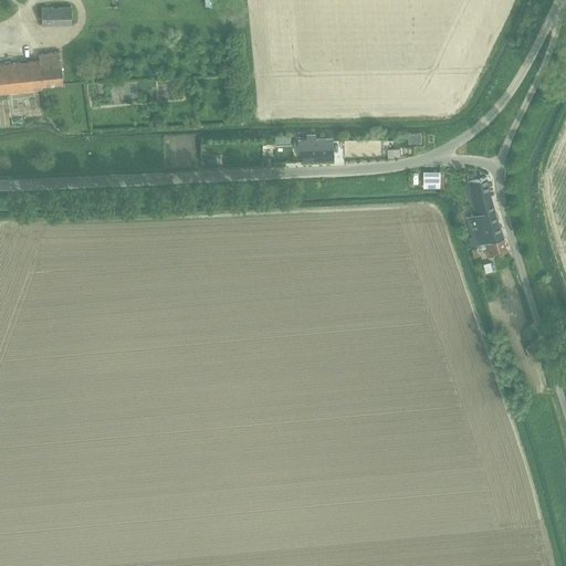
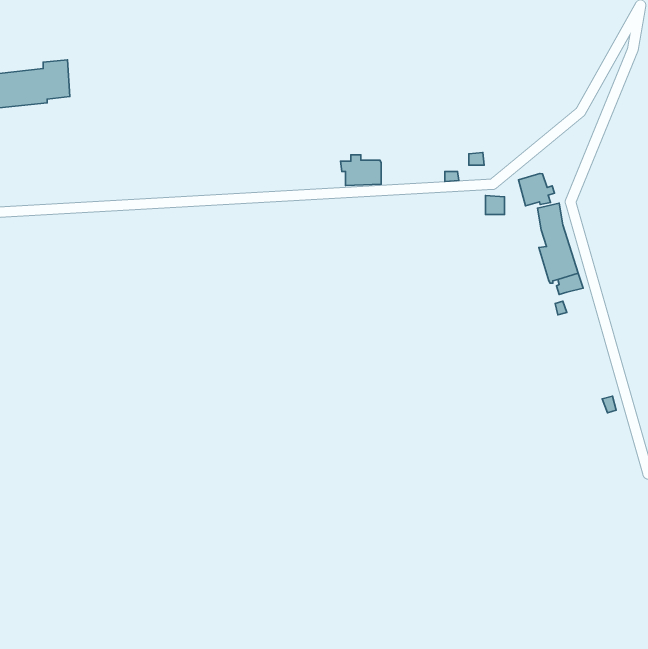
building: [40,7,71,25] -> none
building: none -> [518,174,555,206]

